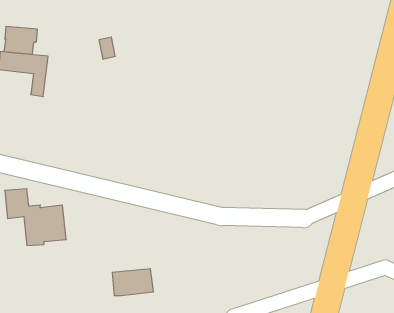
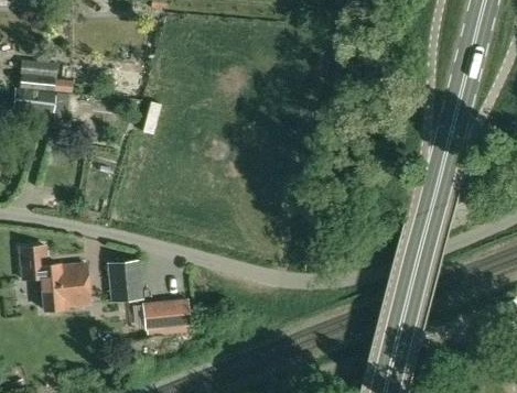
building: none -> [106,259,141,301]
building: [112,269,154,296] -> [143,299,191,330]

